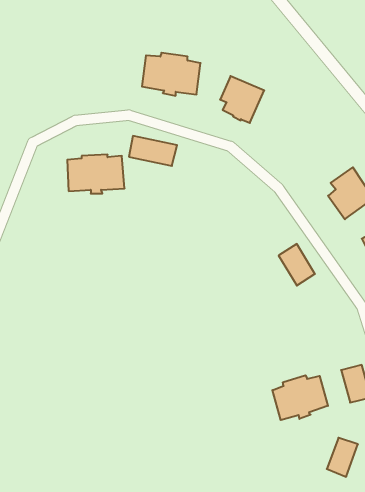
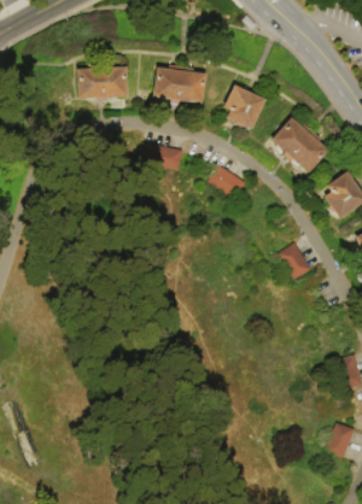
building: none -> [272,117,328,172]
building: [67,155,125,194] -> [76,64,129,100]
building: none -> [209,164,247,199]
building: [272,375,328,420] -> none

